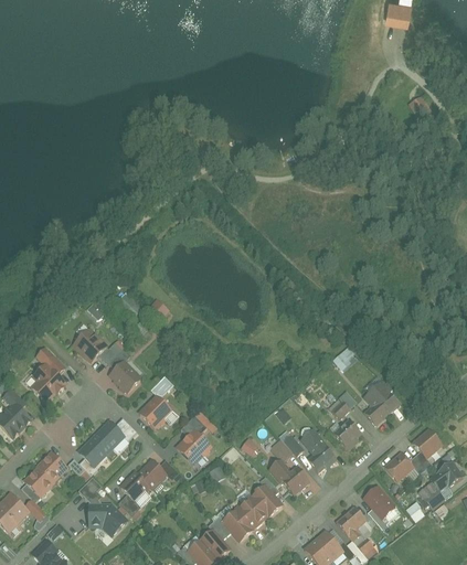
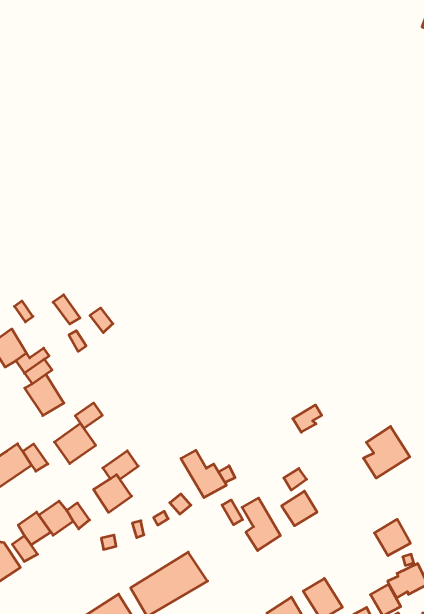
building: [362,381,400,425] -> [363,426,410,478]
building: [383,450,414,481] -> none
building: [269,458,310,495] -> [181,450,226,498]

